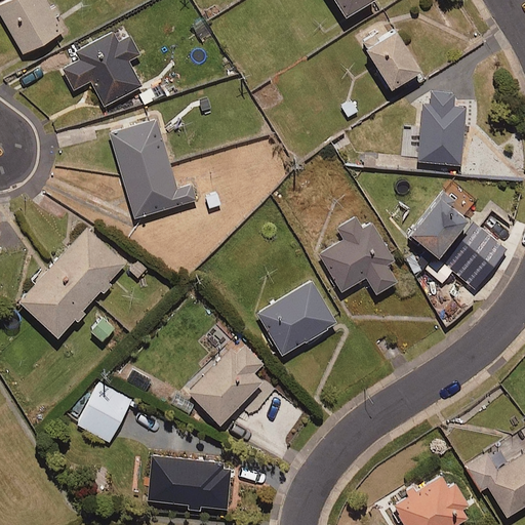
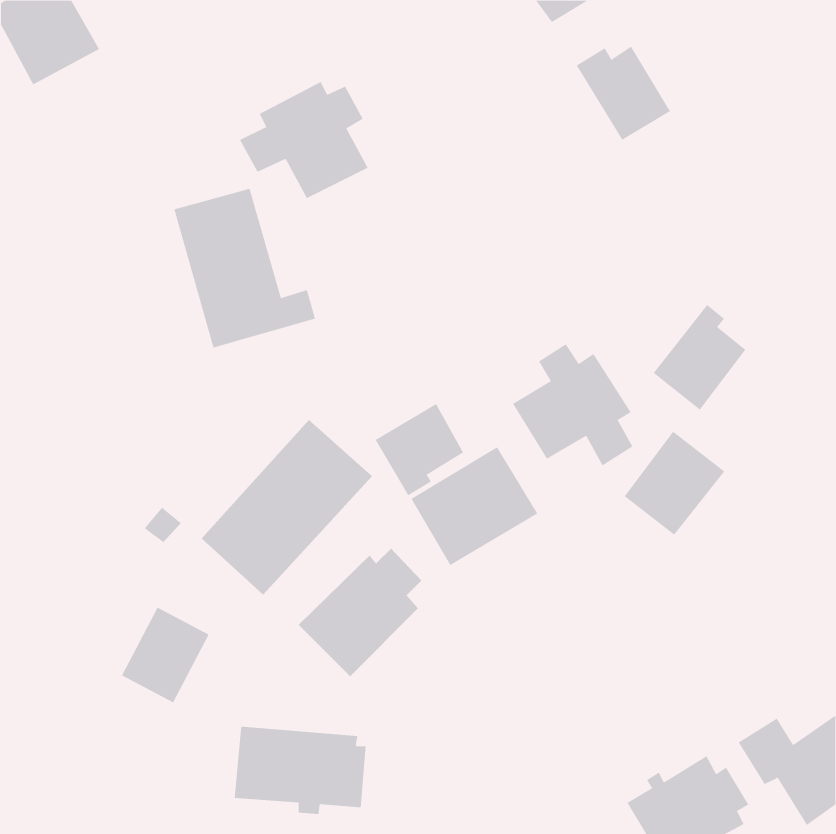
building: [62,31,143,105] -> [239,81,369,199]
building: [419,90,466,162] -> none
building: [442,224,506,289] -> [624,431,725,535]
building: [17,227,125,337] -> [201,419,373,596]
building: none -> [375,403,464,496]

